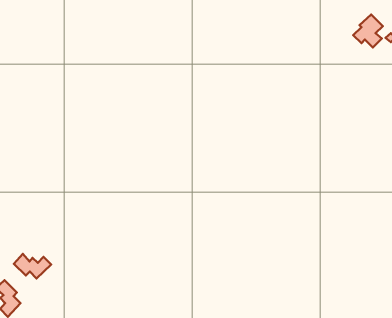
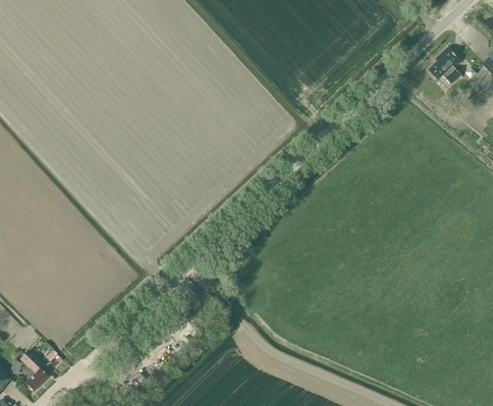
building: [14,254,51,278] -> none

